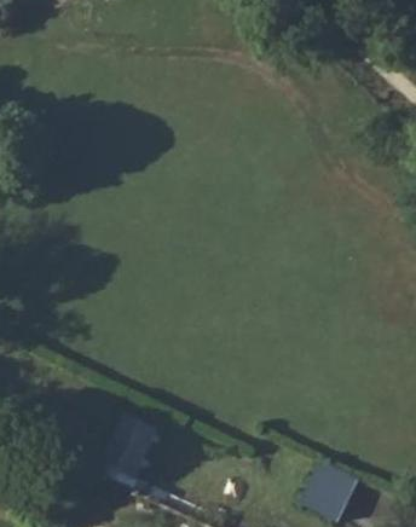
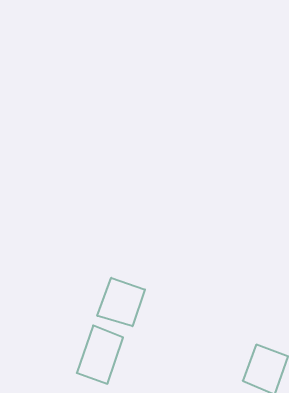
building: none -> [97,278,145,326]

